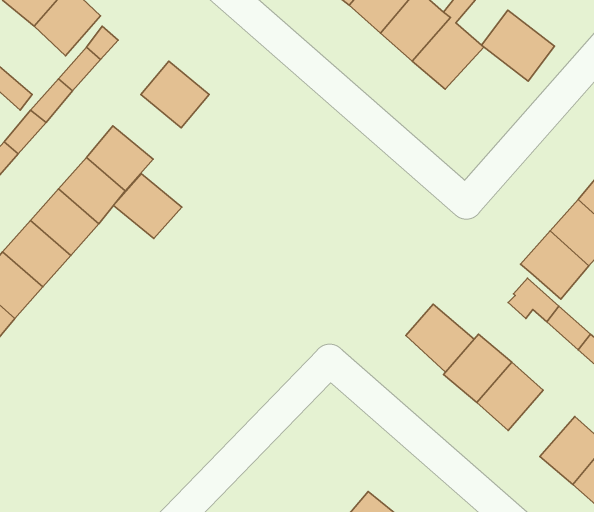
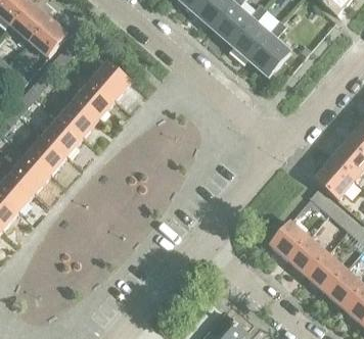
building: [481,10,554,81] -> none
building: [113,174,182,239] -> [75,81,115,118]
building: [406,304,474,372] -> none
building: none -> [306,253,345,292]

